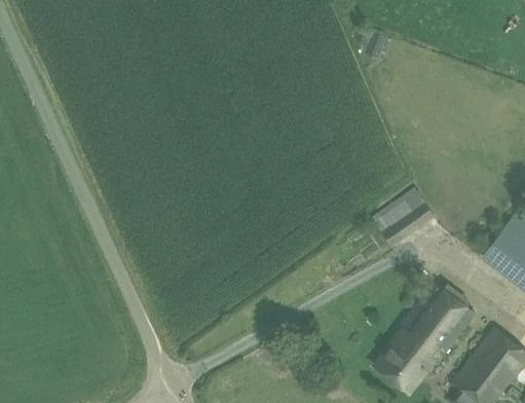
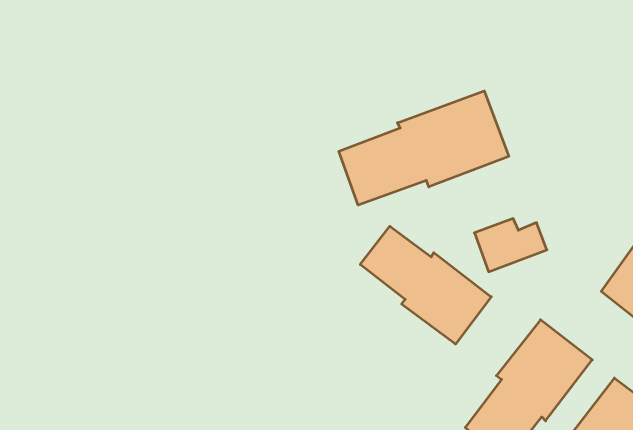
building: none -> [339,91,509,205]
building: none -> [360,226,491,344]

